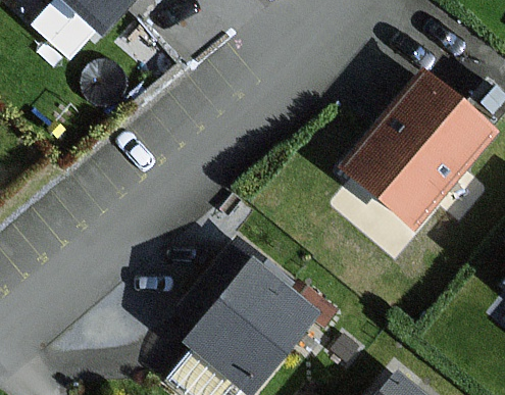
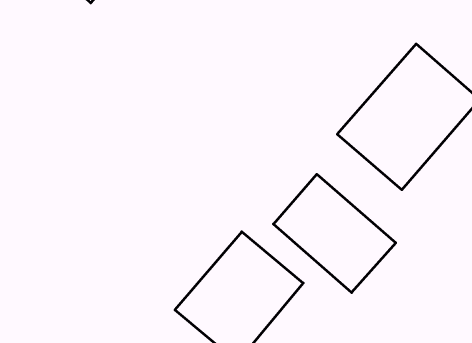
building: none -> [273,174,396,293]

